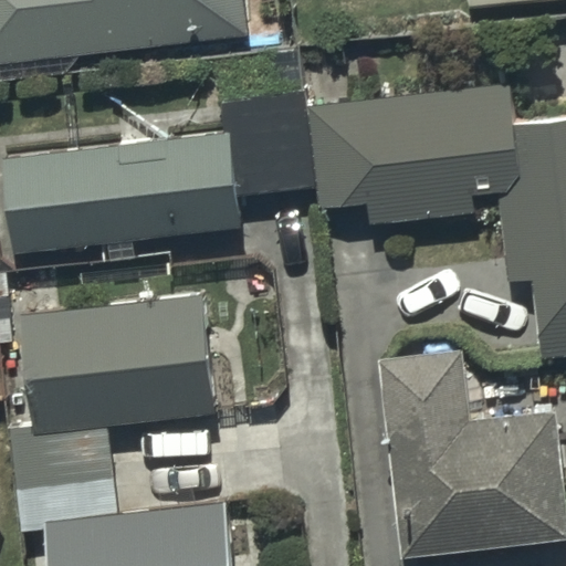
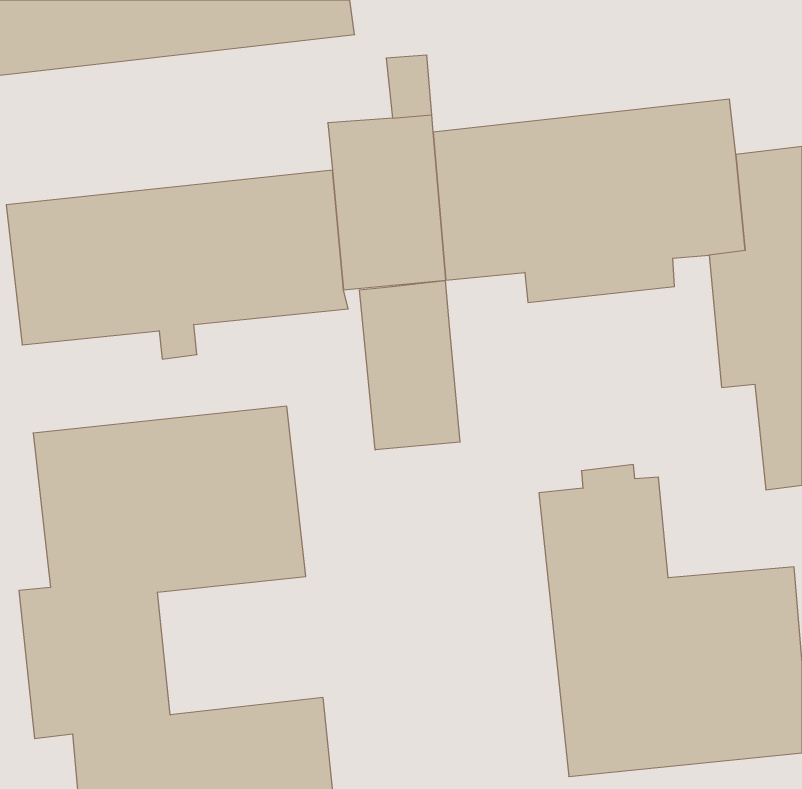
building: none -> [359,280,460,450]

